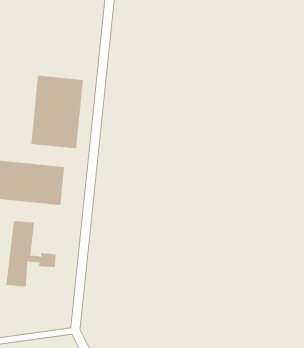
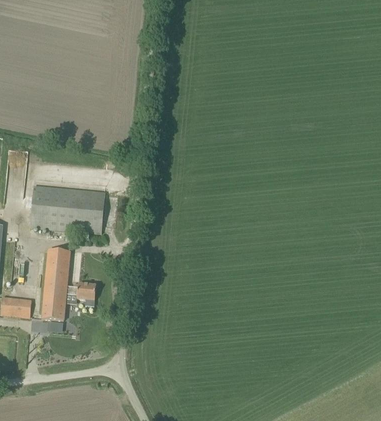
building: [31,75,83,149] -> none

